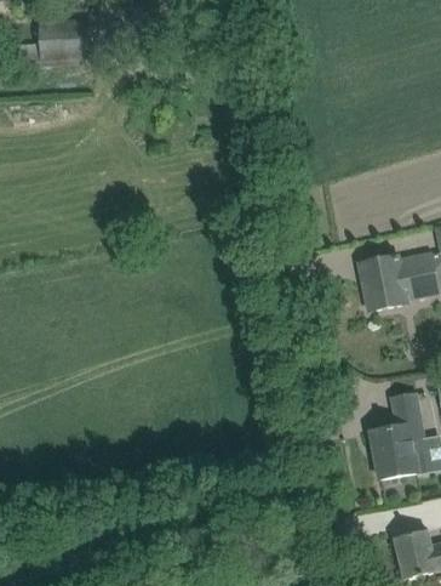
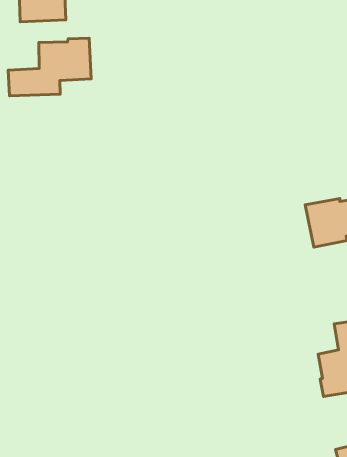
building: none -> [8,38,91,96]

